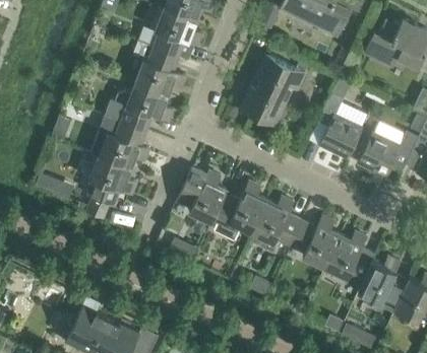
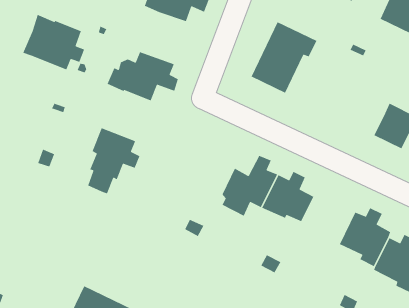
building: [135,47,186,95] -> none
building: [314,93,362,158] -> none
building: [89,115,149,168] -> [22,14,85,70]
building: [176,171,228,222] -> none
building: [290,216,341,267] -> none

